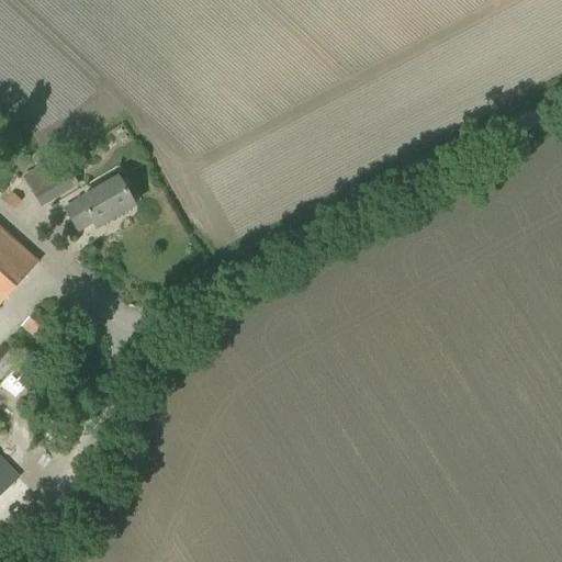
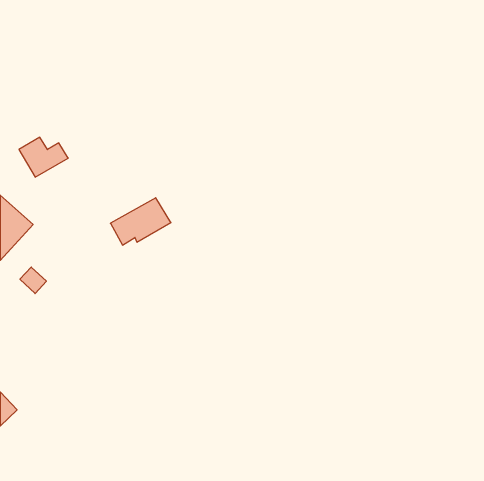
building: [65,176,135,231] -> [110,198,171,245]

